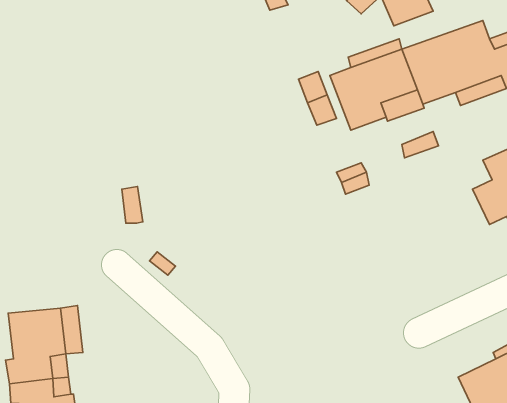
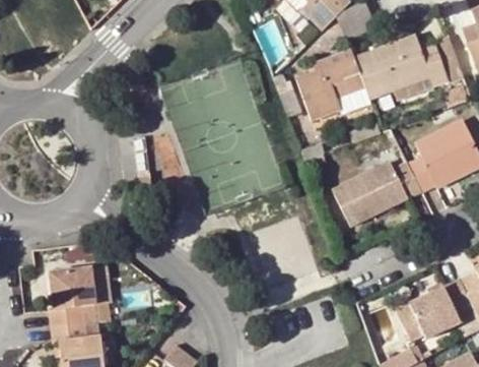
building: none -> [331,162,420,227]

